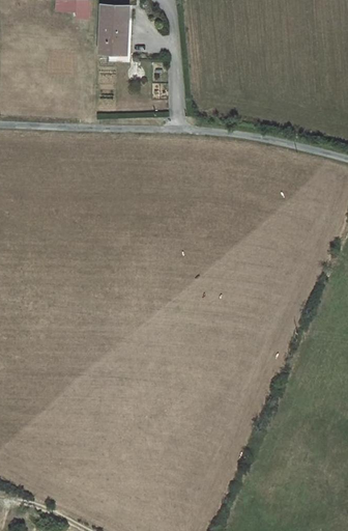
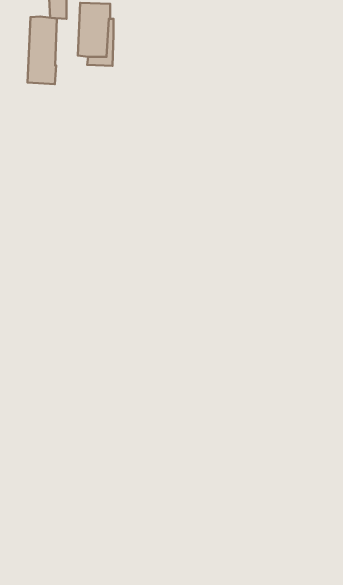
building: none -> [28,17,57,84]

